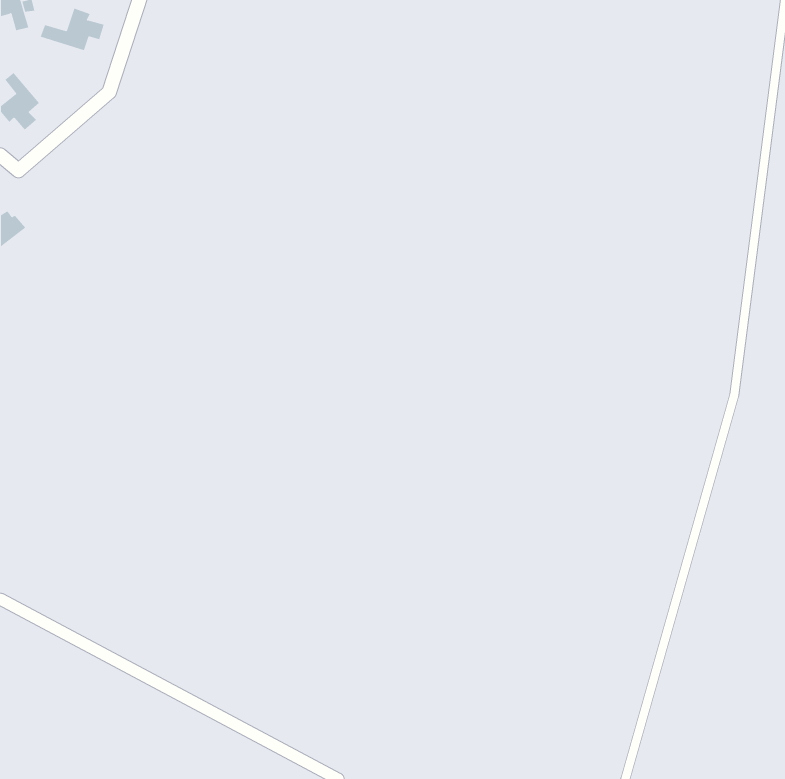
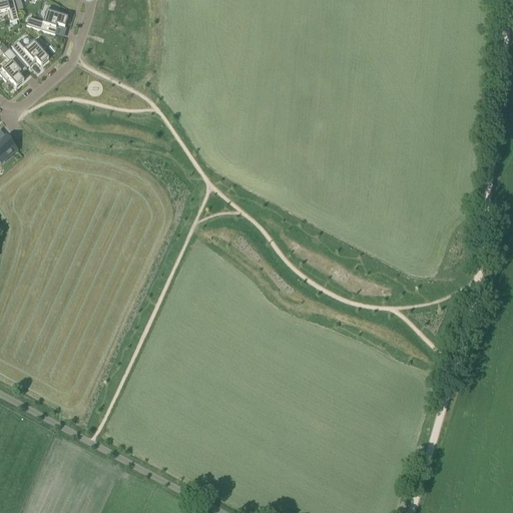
building: none -> [11,37,48,65]

